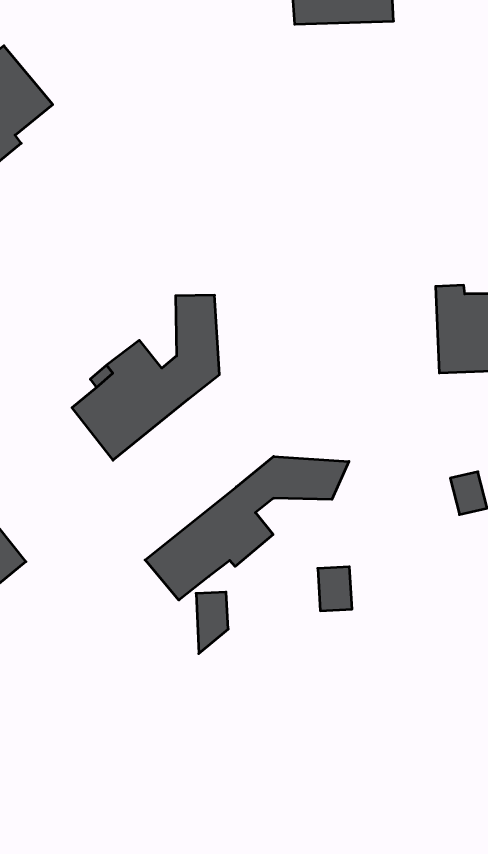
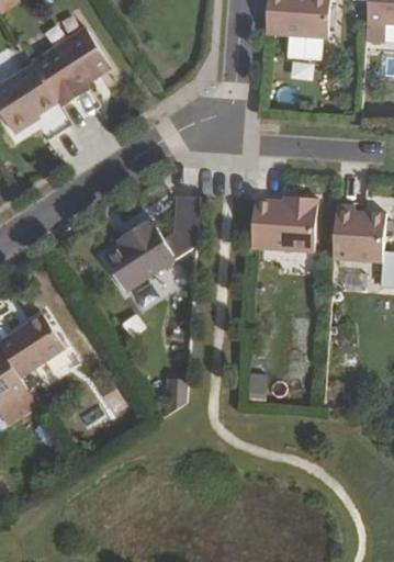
building: none -> [250,198,317,252]
building: [145,456,349,600] -> none

